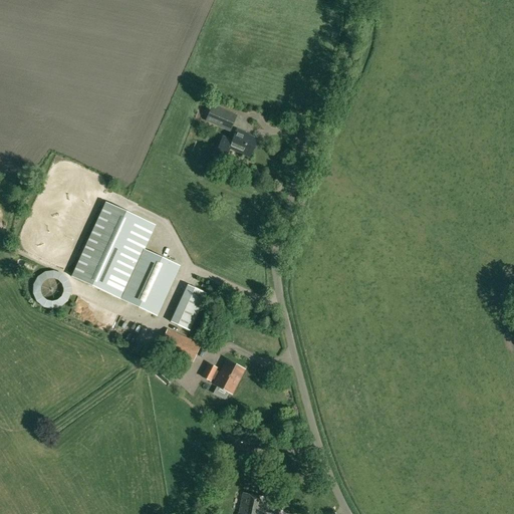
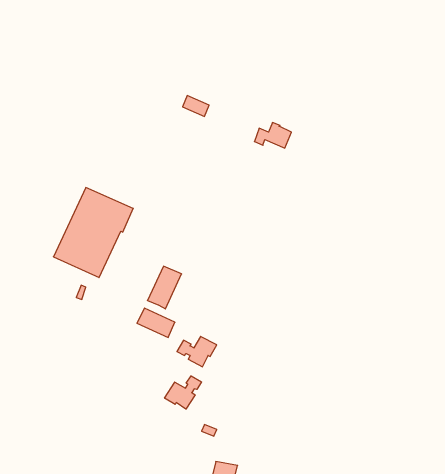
building: [218,128,257,156] -> [254,123,291,148]
building: [119,248,180,314] -> none
building: none -> [165,376,202,409]

